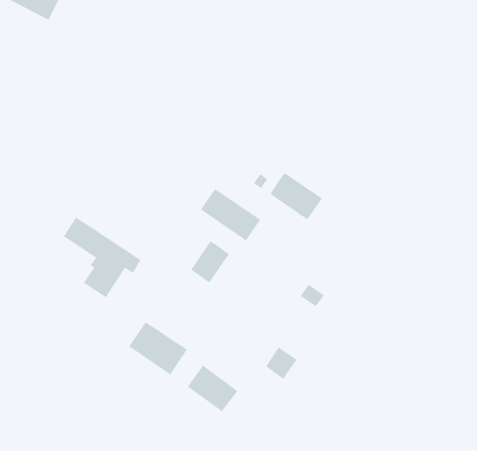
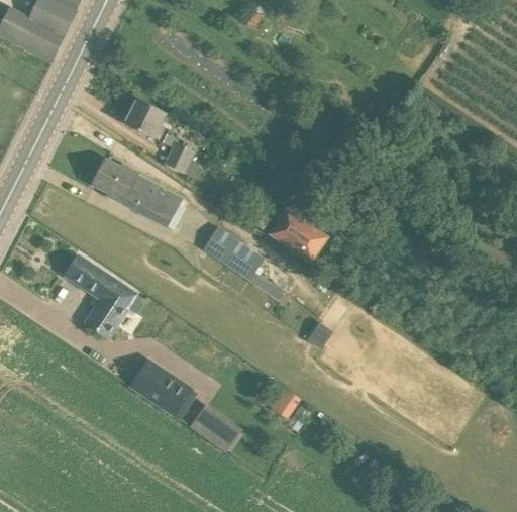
building: none -> [124,98,194,173]
building: none -> [93,160,185,229]
building: [190,241,230,283] -> none

